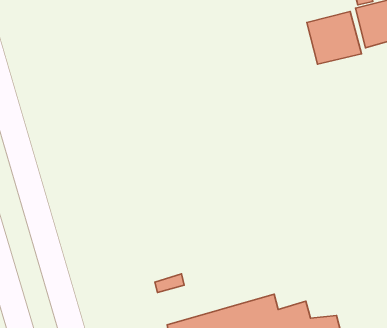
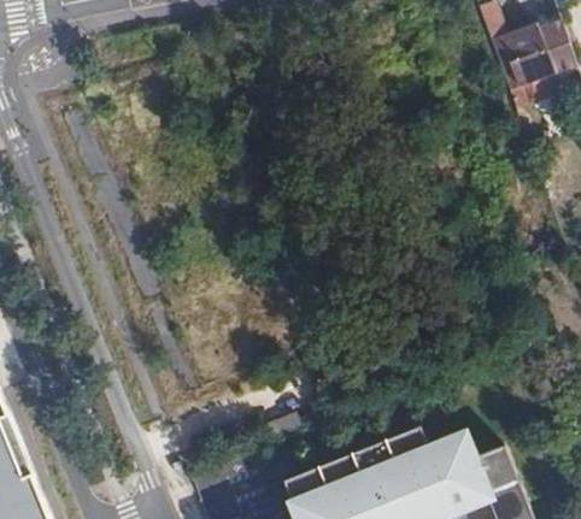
building: [307,12,361,64] -> none

